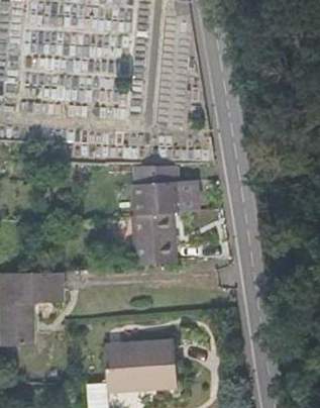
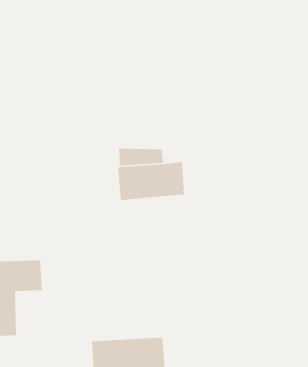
building: [132,213,176,266] -> none

